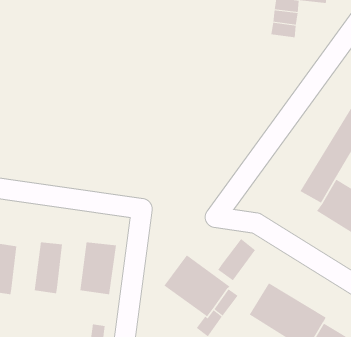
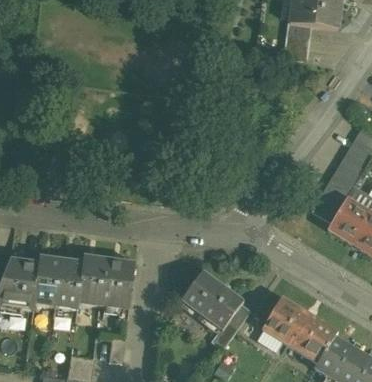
building: [217,238,256,281] -> none
building: none -> [34,256,61,306]
building: none -> [78,256,105,306]

